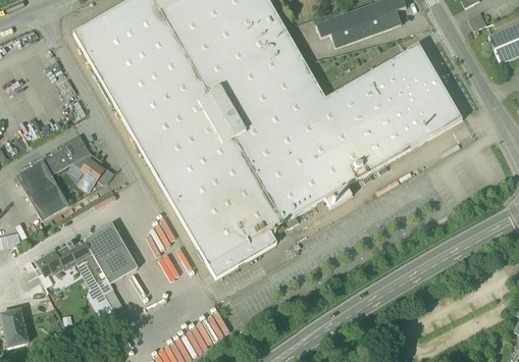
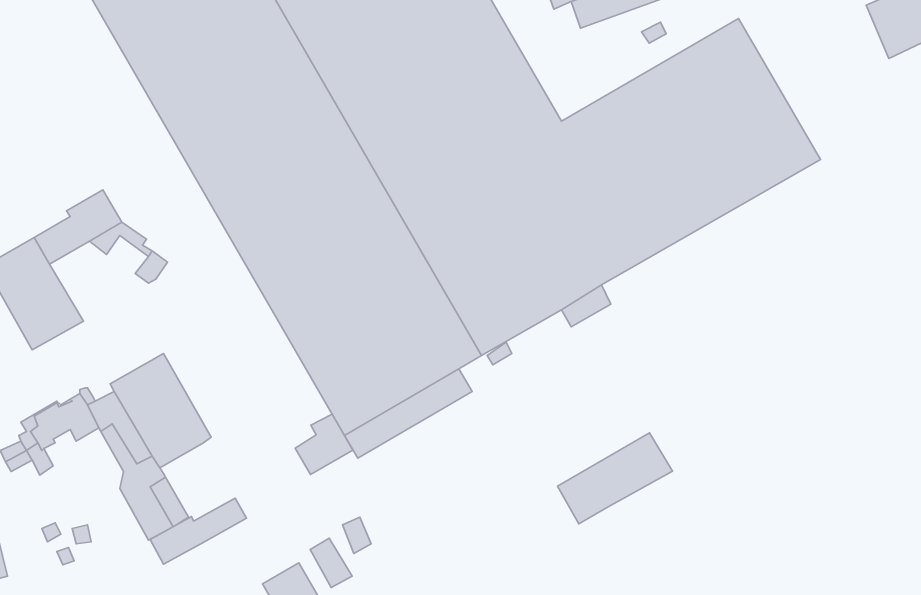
building: [80,159,104,190] -> none
building: none -> [295,414,353,475]
building: none -> [557,433,672,524]
building: none -> [150,498,246,564]

